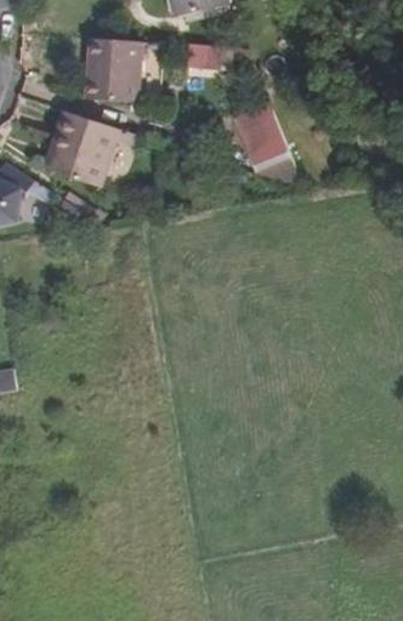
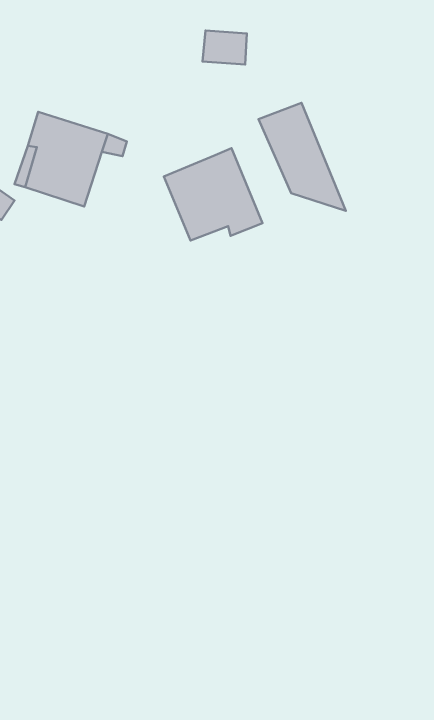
building: [89,38,143,102] -> none
building: none -> [164,148,263,240]

